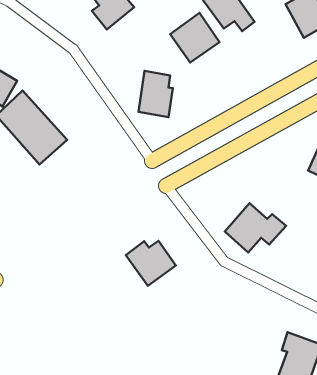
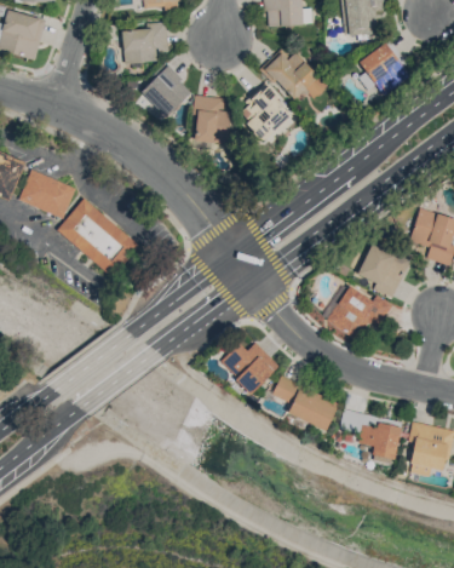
building: [139,71,173,117] -> [195,96,229,143]
building: none -> [357,242,410,298]
building: none -> [271,377,338,429]
building: none -> [339,409,401,459]

